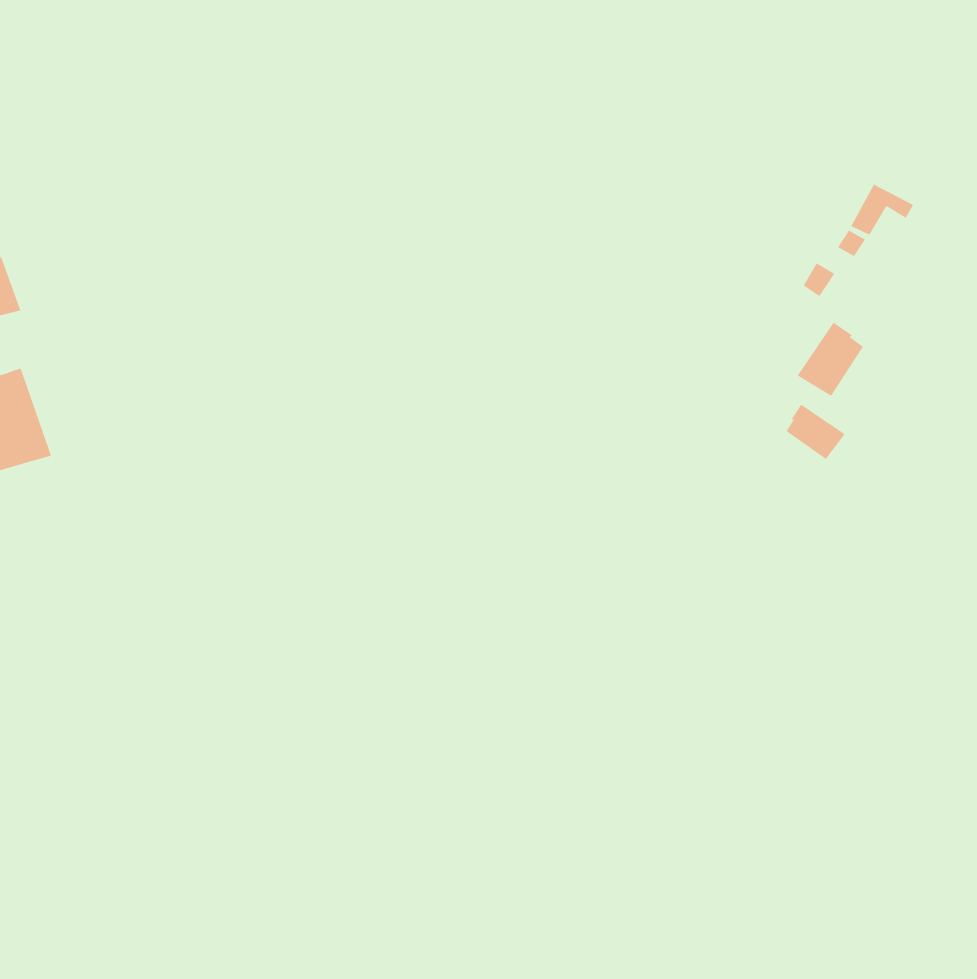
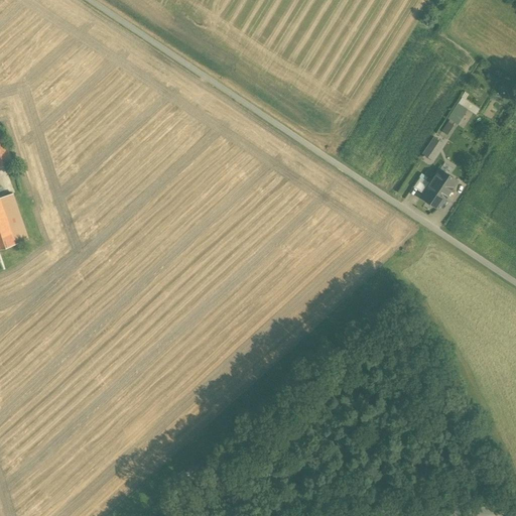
building: [786,404,845,460] -> none

